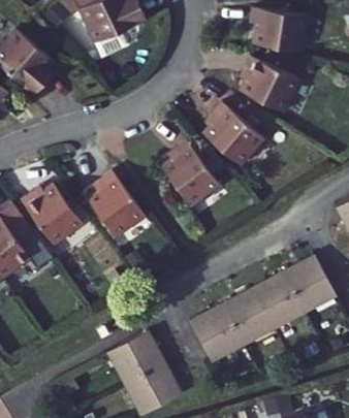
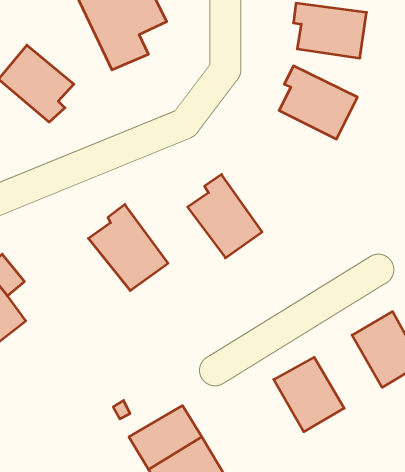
building: [199,101,261,164] -> none
building: [15,181,81,242] -> none
building: [257,269,311,327] -> none
building: [197,304,249,362] -> none

